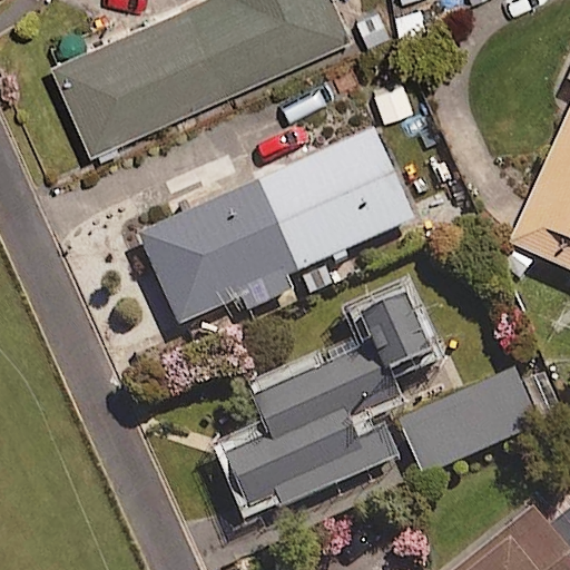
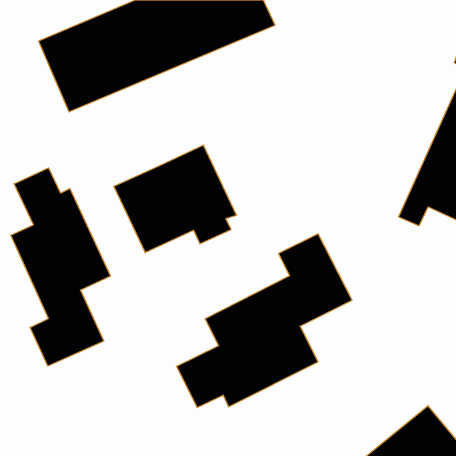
building: [255,127,415,269] -> none
building: none -> [11,168,110,366]
building: [401,370,534,473] -> none

